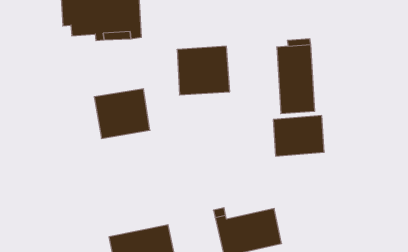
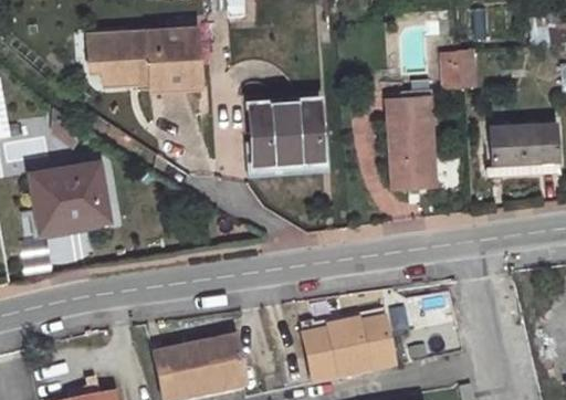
building: none -> [439,46,476,86]
building: [94,89,150,138] -> [30,161,106,229]
building: [273,116,324,156] -> [490,119,559,175]

